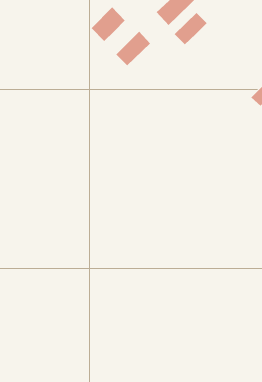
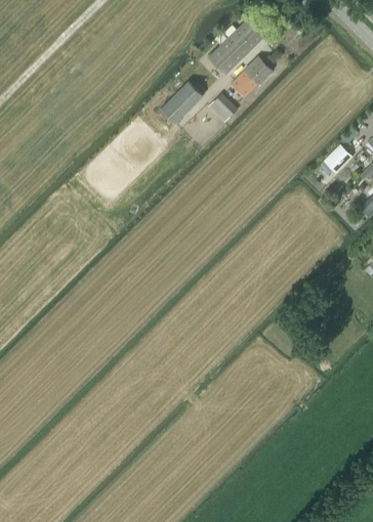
building: [91,7,126,42] -> none
building: none -> [207,93,238,123]

